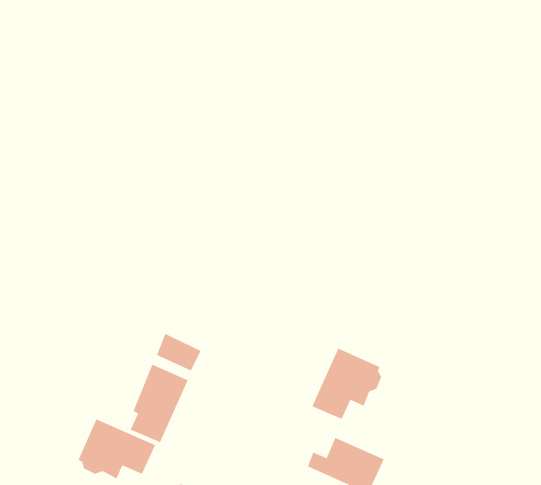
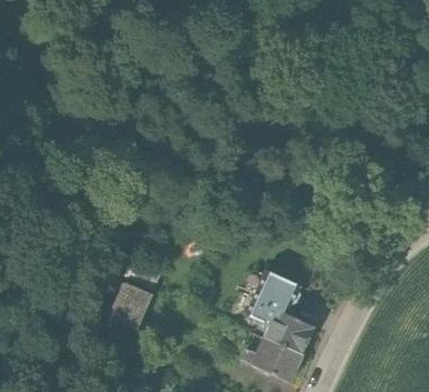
building: none -> [264,311,314,355]
building: [78,418,156,479] -> none

